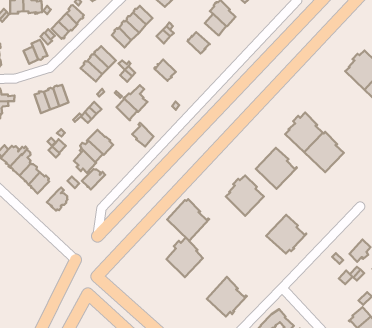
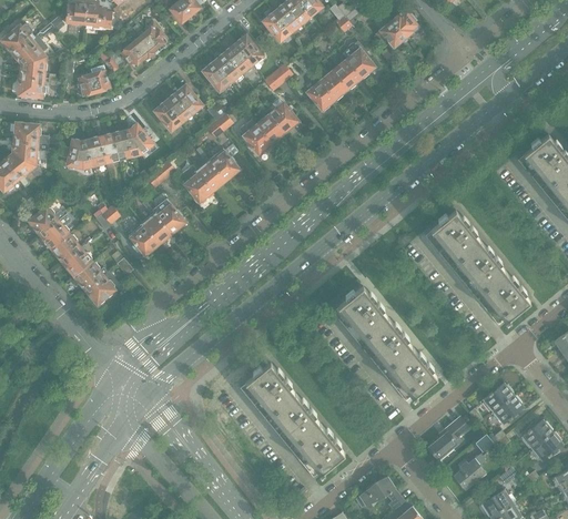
building: none -> [316,69,349,100]
building: none -> [270,99,300,132]
building: none -> [239,119,272,154]
building: none -> [126,124,154,156]
building: none -> [68,139,92,169]
building: [132,123,154,146] -> [184,170,213,203]
building: [256,148,297,189] -> [356,316,413,373]
building: none -> [474,269,530,325]
building: [82,169,105,189] -> [74,262,108,289]
building: [167,199,209,241] -> [263,391,321,449]
building: none -> [484,383,514,411]
building: none -> [428,417,469,459]
building: none -> [454,456,487,489]

